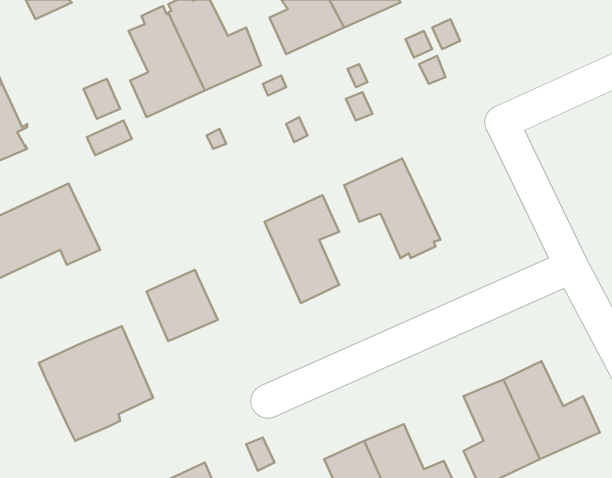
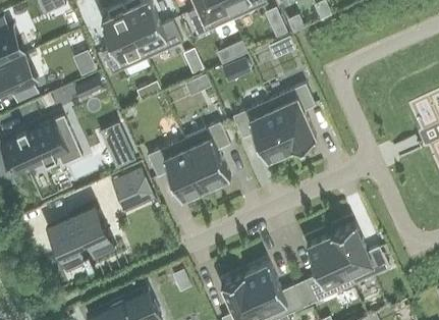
building: none -> [268,85,315,151]
building: none -> [102,123,134,167]
building: none -> [147,140,206,201]

